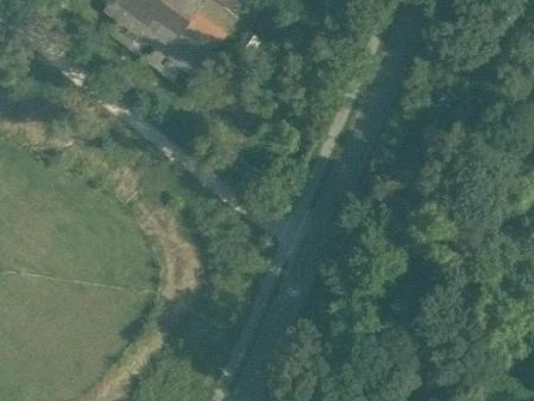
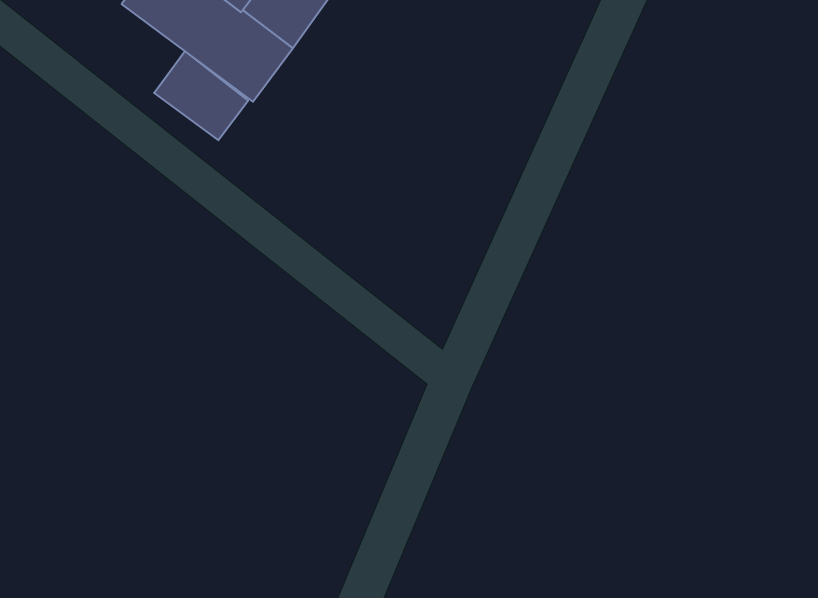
building: none -> [154,51,248,140]

